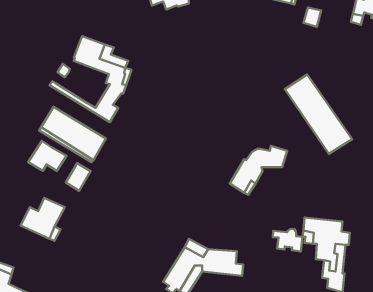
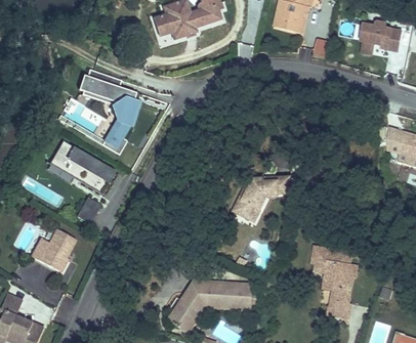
building: [285,74,352,154] -> none
building: [28,141,66,171] -> none
building: [273,229,303,252] -> none

